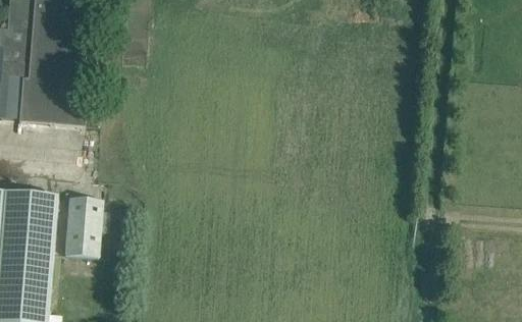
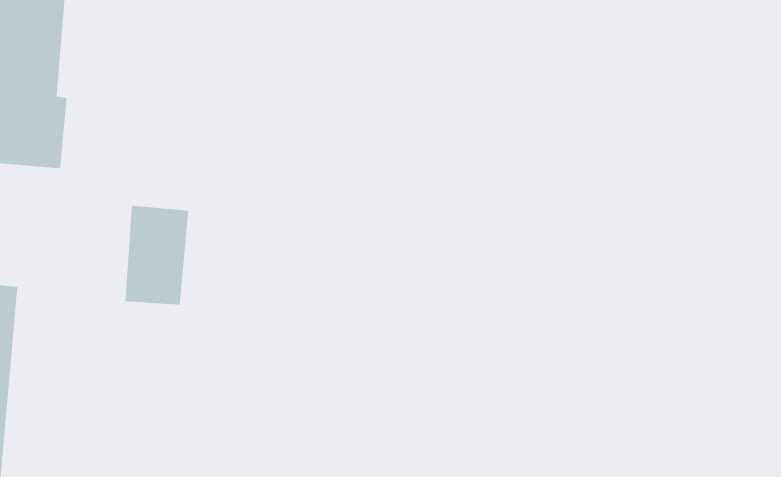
building: [64,197,103,257] -> [124,205,189,305]

